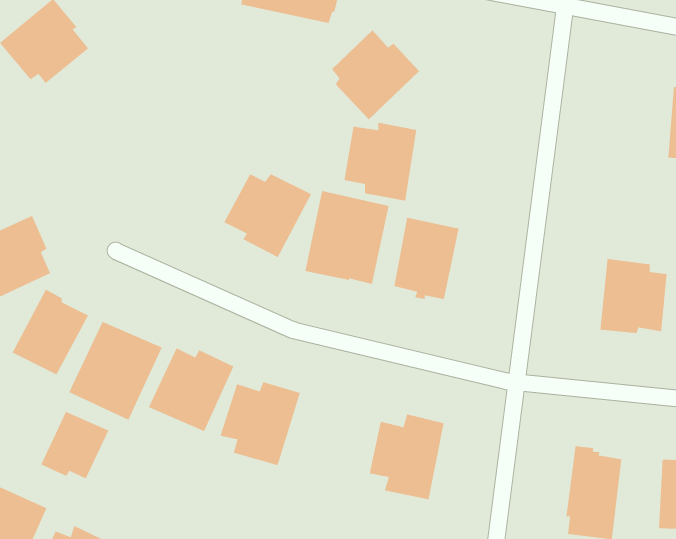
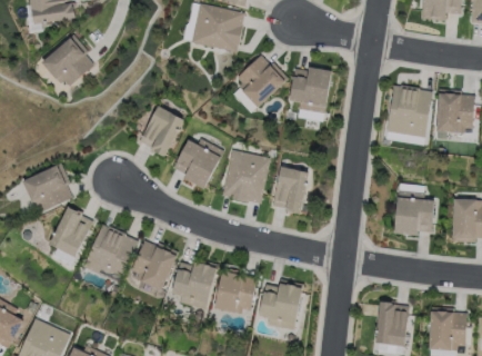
building: none -> [386,85,431,137]
building: none -> [140,106,184,157]
building: [343,122,417,201] -> [290,67,333,113]
building: none -> [215,273,258,314]
building: [40,411,110,479] -> none

